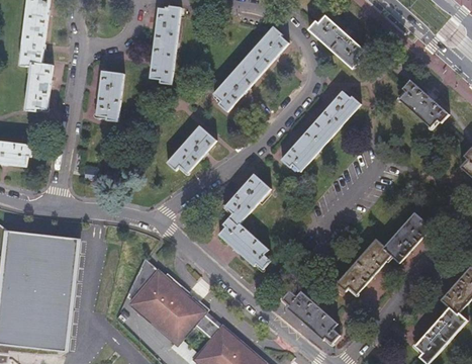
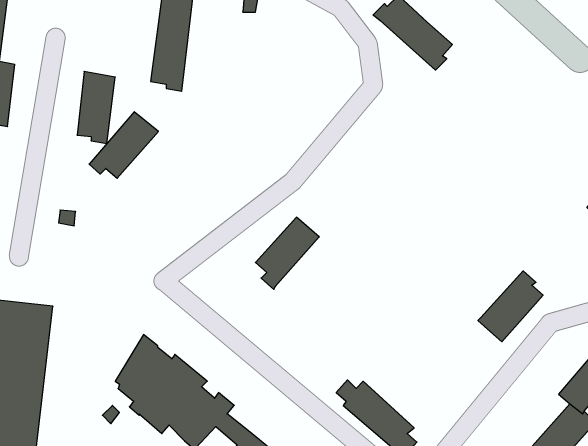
building: [214,26,288,111] -> none
building: [400,80,449,127] -> none
building: [281,90,361,171] -> none
building: [168,125,217,173] -> [89,112,158,178]
building: [219,217,271,269] -> none
building: [337,239,392,294] -> none

